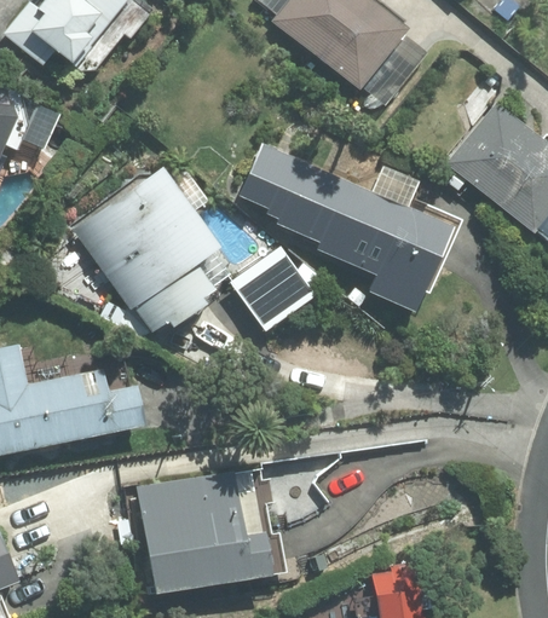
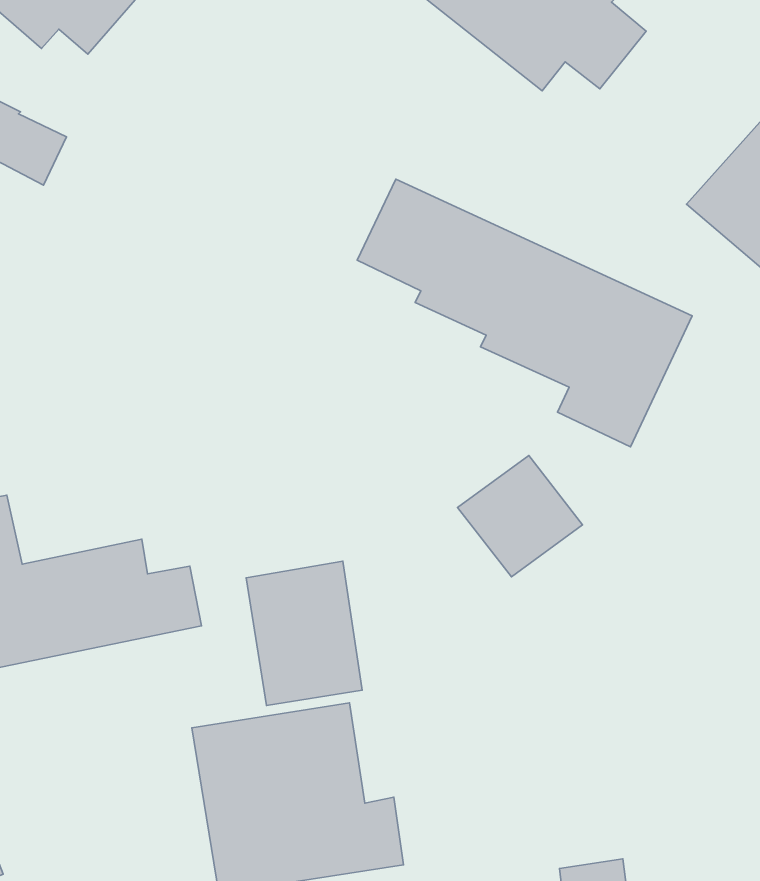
building: [73,168,212,336] -> none
building: [233,252,312,328] -> [458,455,583,577]
building: none -> [246,561,362,706]

